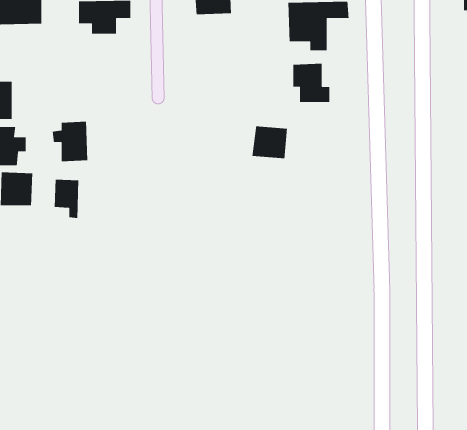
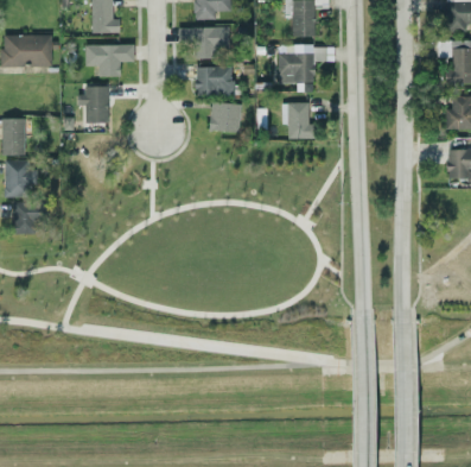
building: none -> [196,67,234,95]
building: [52,121,88,162] -> [77,86,110,124]
building: [252,126,288,159] -> [209,102,242,133]
building: [54,179,79,219] -> none

